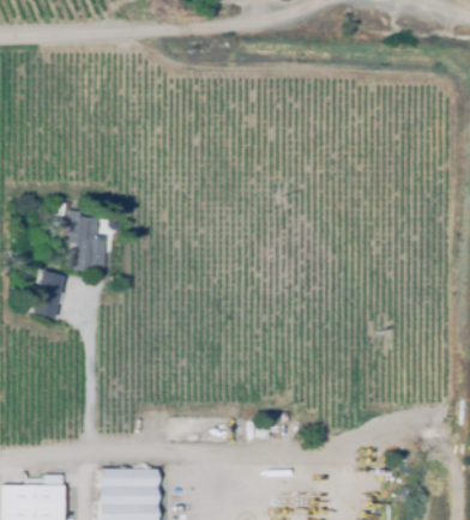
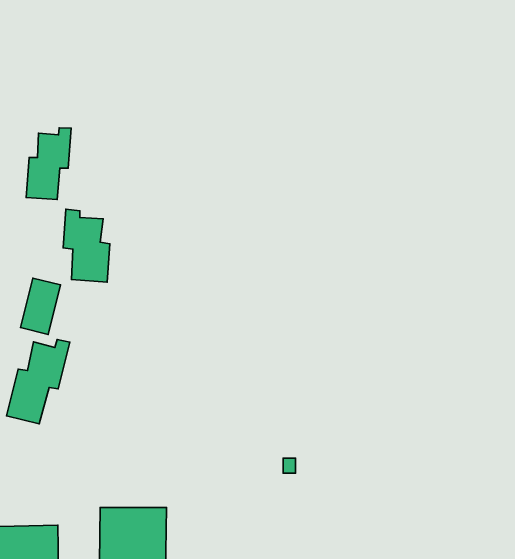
building: none -> [26,128,71,199]
building: none -> [7,339,70,424]

